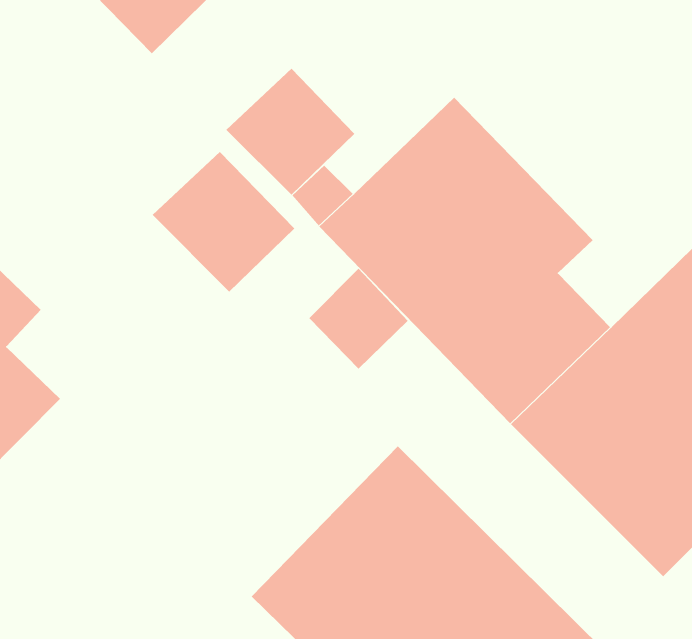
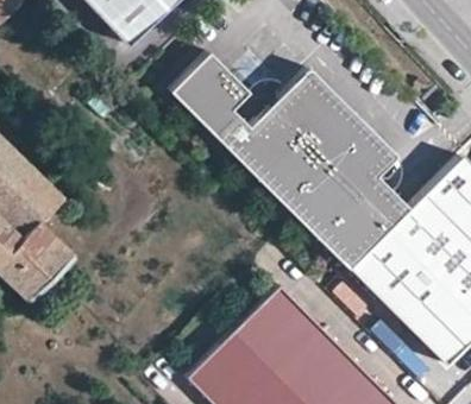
building: [152,151,295,292] -> none
building: [309,268,409,370] -> none

